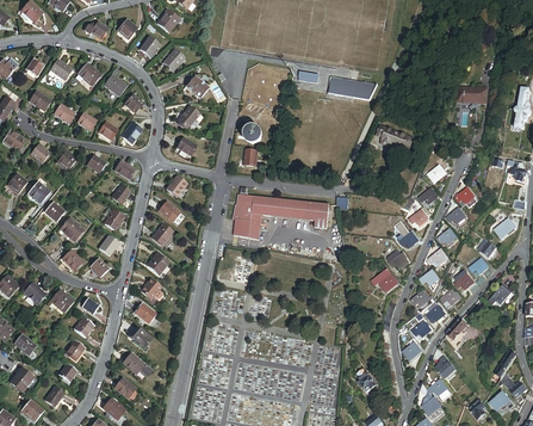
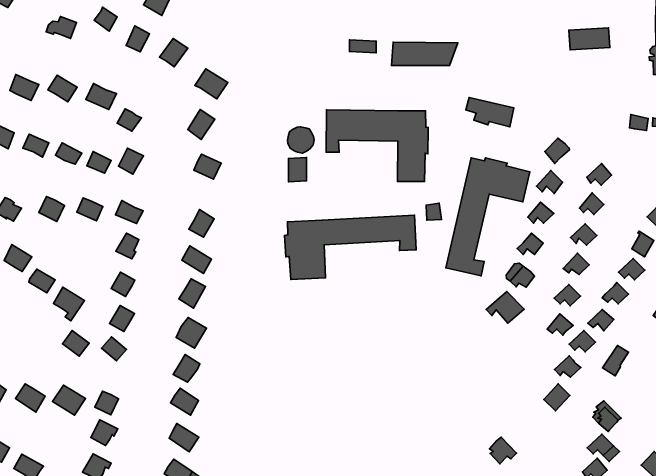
building: none -> [326,110,428,181]
building: none -> [446,158,530,276]

